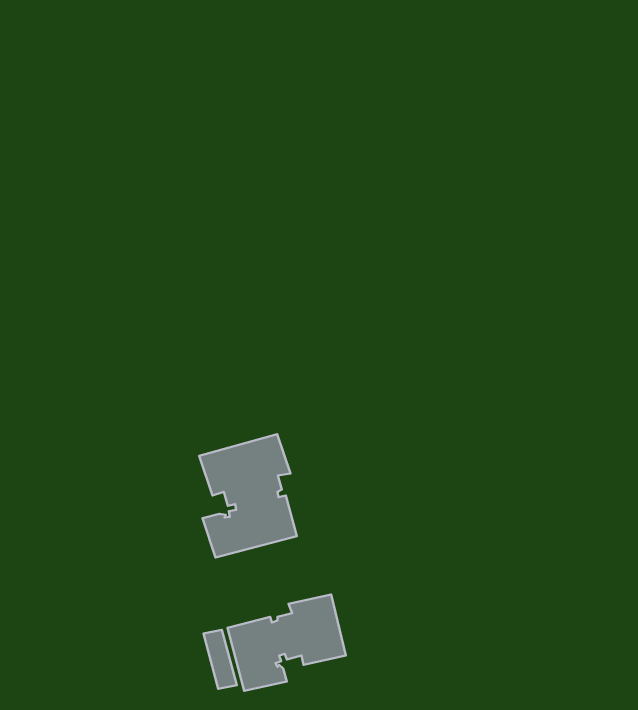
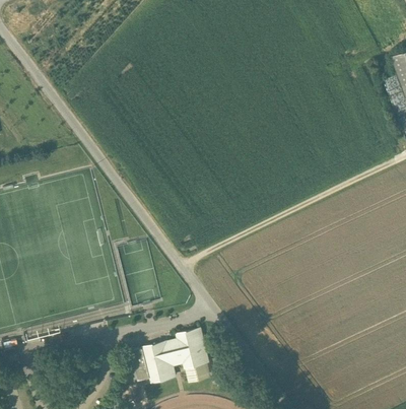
building: [199,434,297,558] -> none

